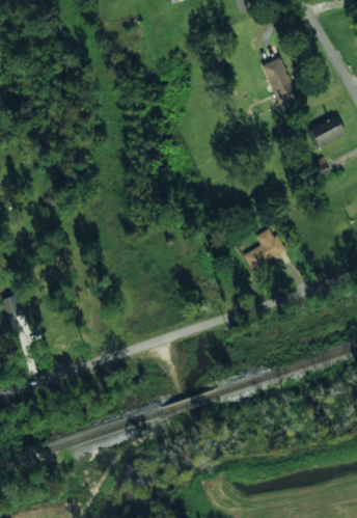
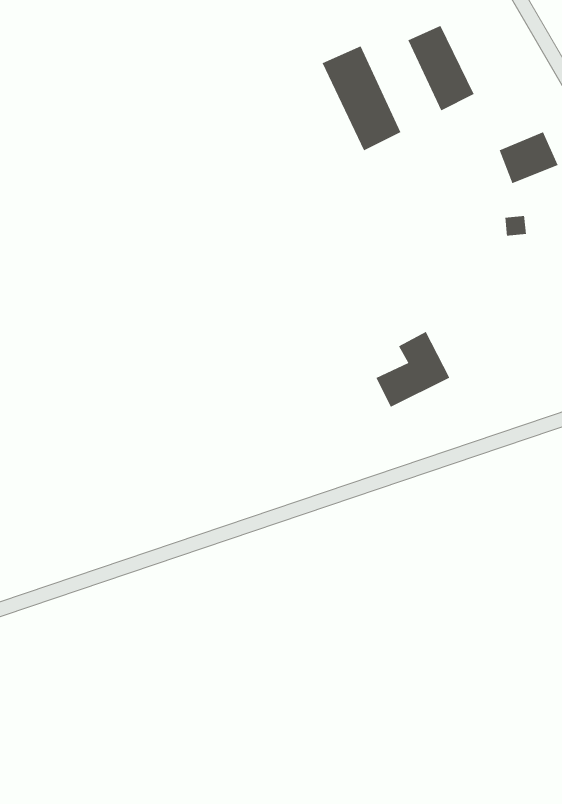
building: none -> [322,45,401,151]

